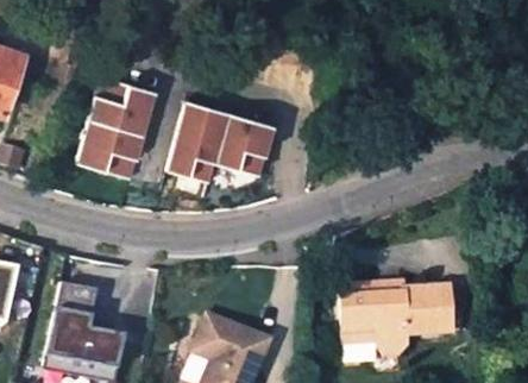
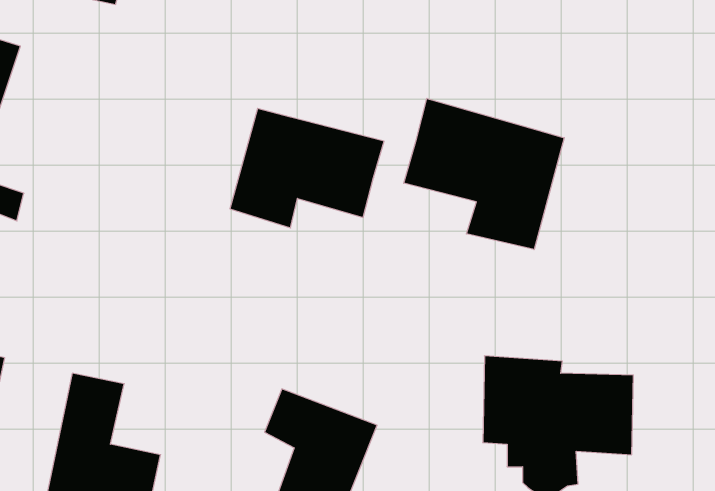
building: [80,86,156,178] -> none
building: none -> [404,98,564,250]

